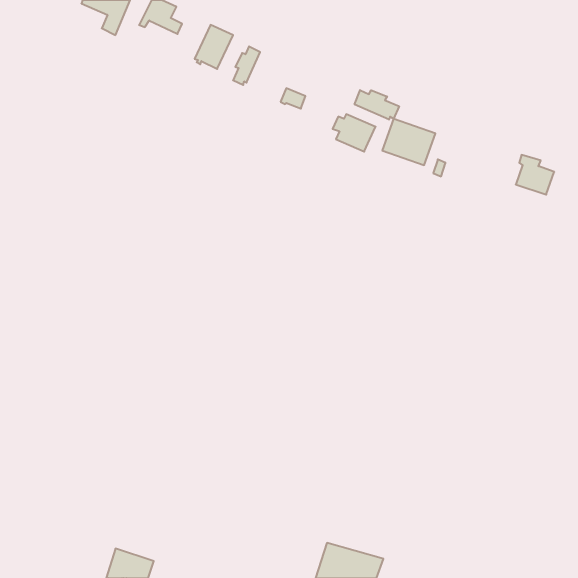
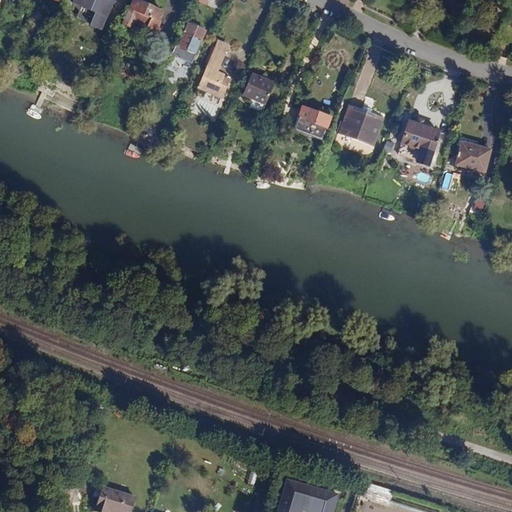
building: none -> [198,71,229,98]
building: [355,90,399,120] -> none
building: none -> [401,124,438,156]

